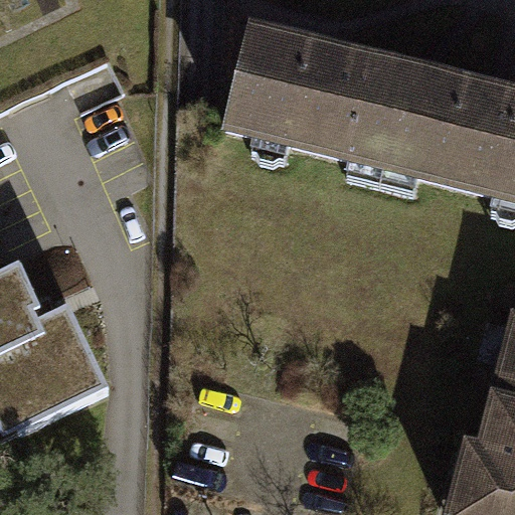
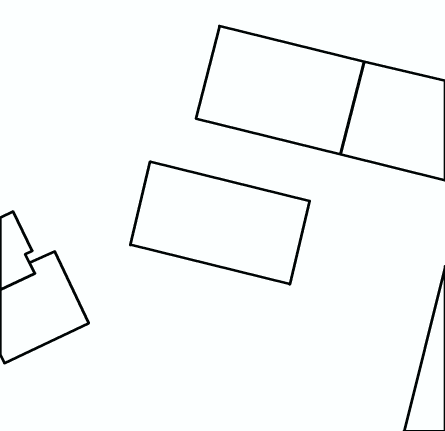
building: none -> [130,162,310,284]

